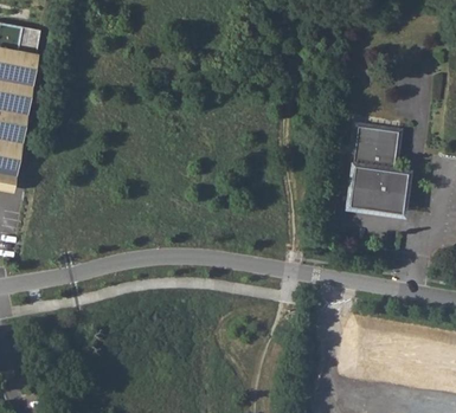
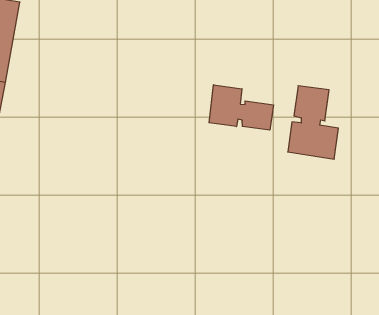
building: none -> [209,85,273,130]

